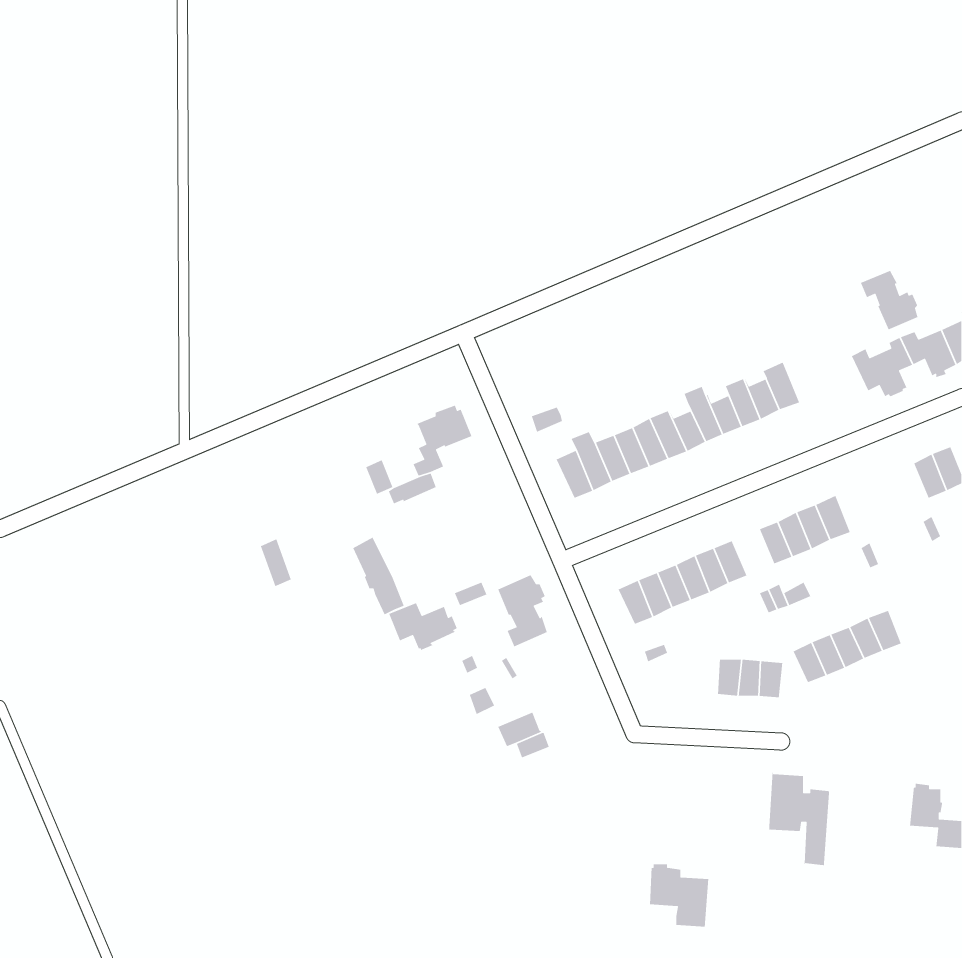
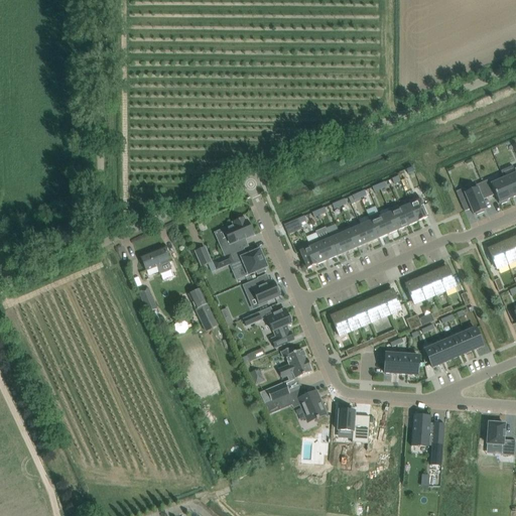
building: [860,270,919,330] -> none
building: none -> [140,245,171,273]
building: none -> [241,248,267,275]
building: [388,602,458,651] -> [243,278,280,304]
building: none -> [280,346,311,380]
building: none -> [297,391,327,421]
building: [649,864,709,928] -> [338,407,370,441]

